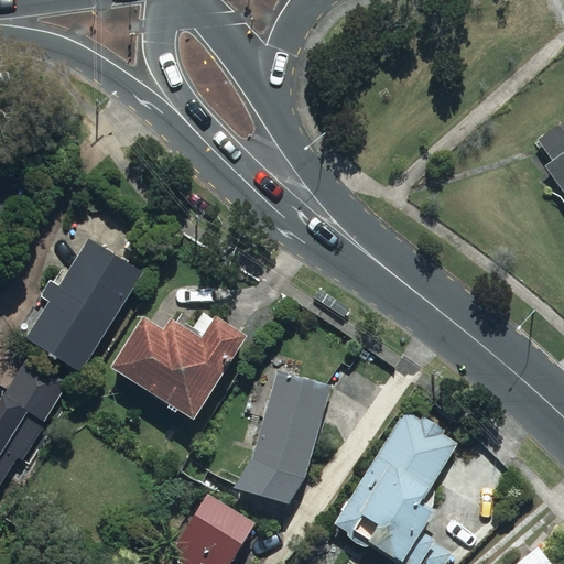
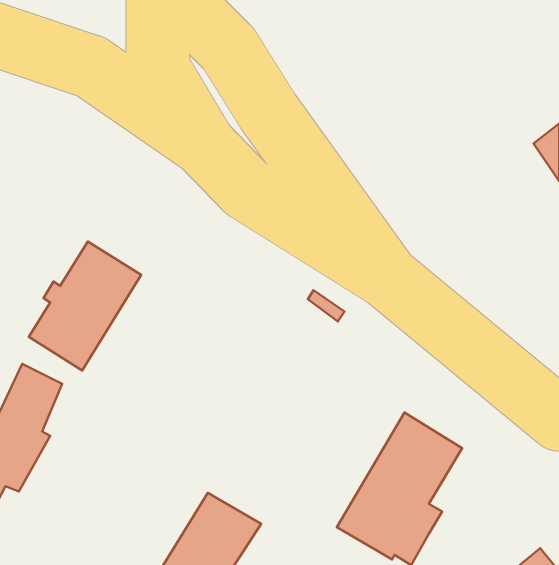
building: [105,308,246,419] -> none
building: [235,375,329,503] -> none

